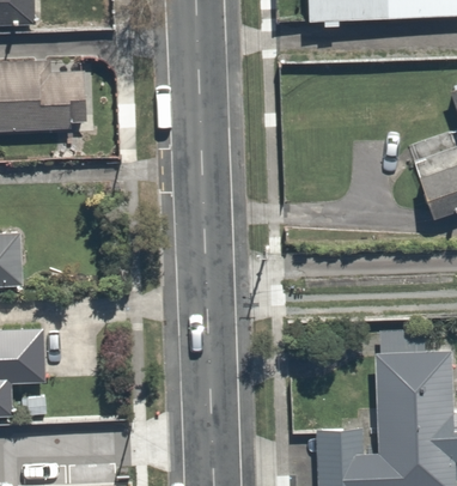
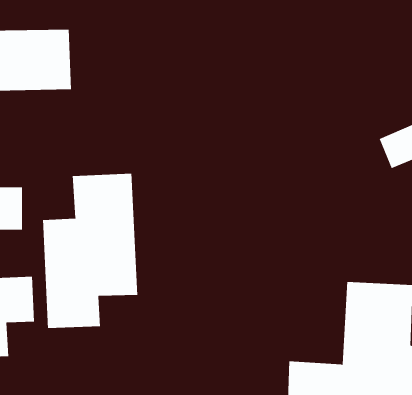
building: none -> [42,173,138,329]

